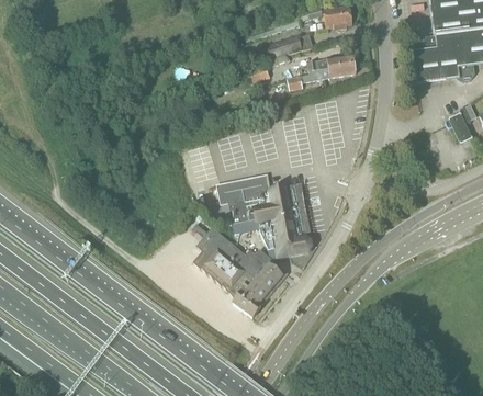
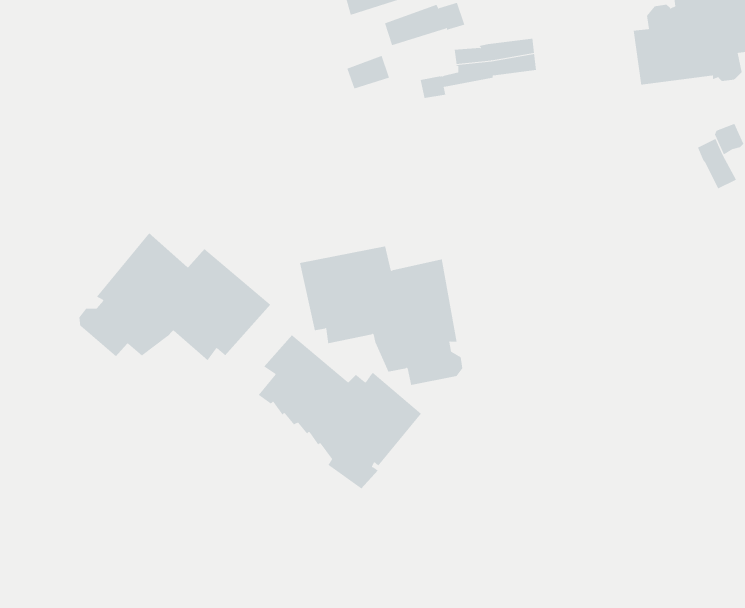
building: none -> [79,232,271,361]

